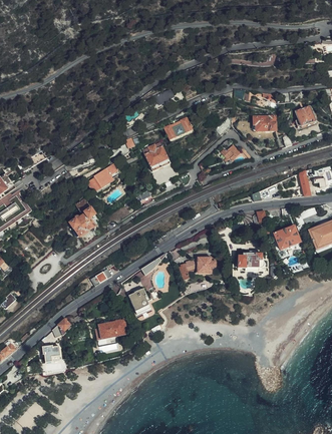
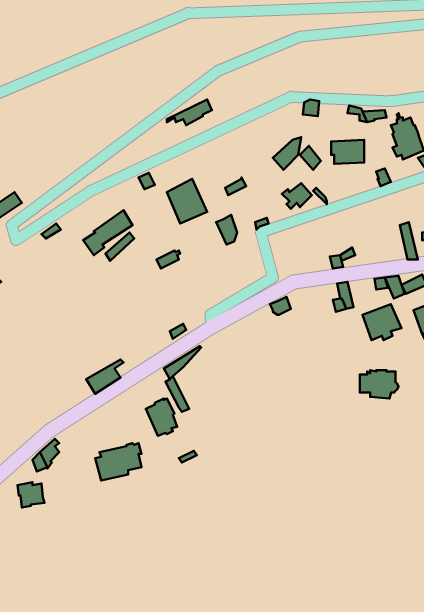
building: [162,116,192,140] -> none
building: [69,198,96,237] -> none
building: [238,253,264,272] -> [360,370,399,398]
building: [179,257,216,280] -> none

